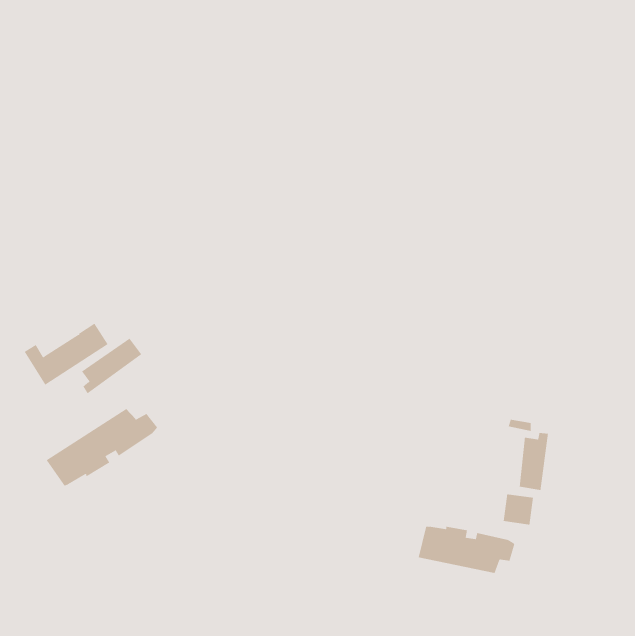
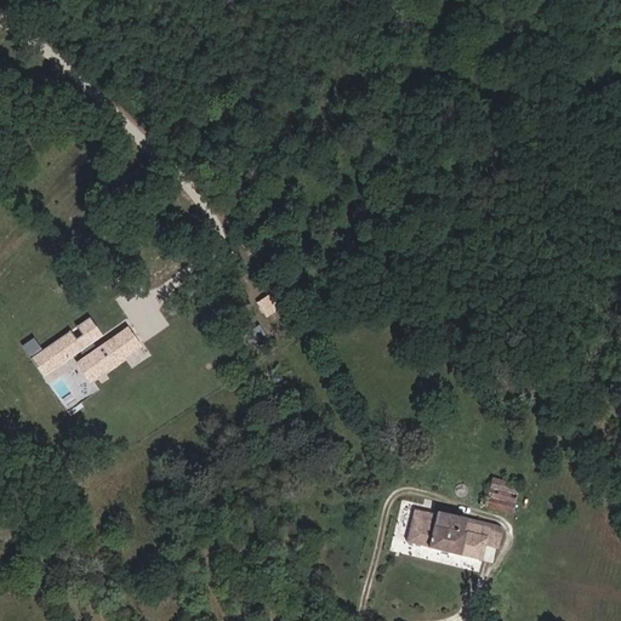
building: [46,408,158,486] -> none
building: [519,432,549,491] -> none

